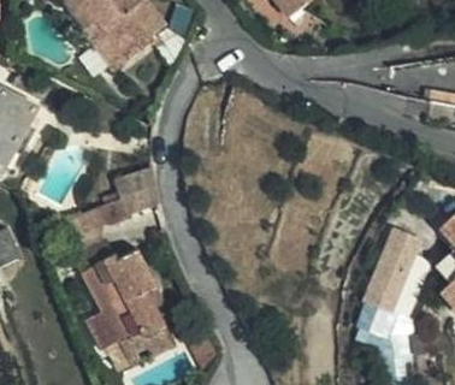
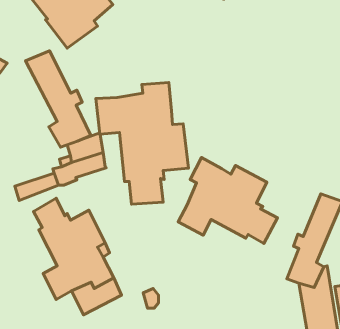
building: none -> [26,51,91,147]
building: none -> [96,82,188,204]
building: none -> [178,157,277,244]

